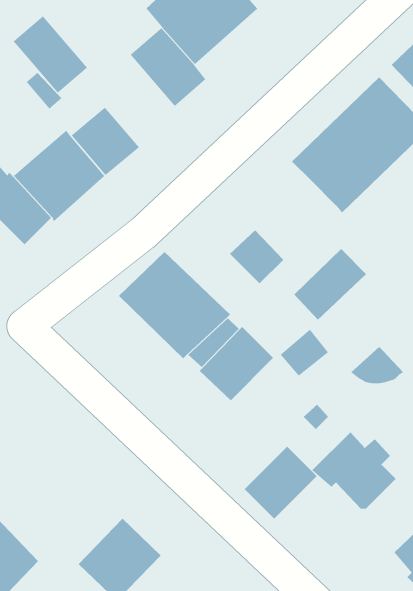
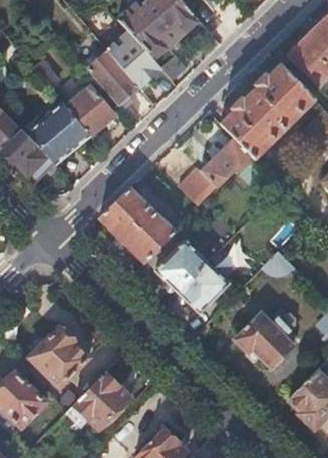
building: [13,15,88,93] -> [86,49,138,103]
building: [293,248,367,320] -> [200,136,251,186]
building: [244,446,317,520] -> [178,260,229,311]
building: none -> [29,326,88,386]

